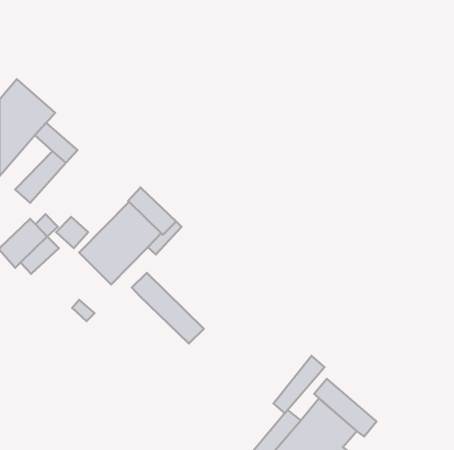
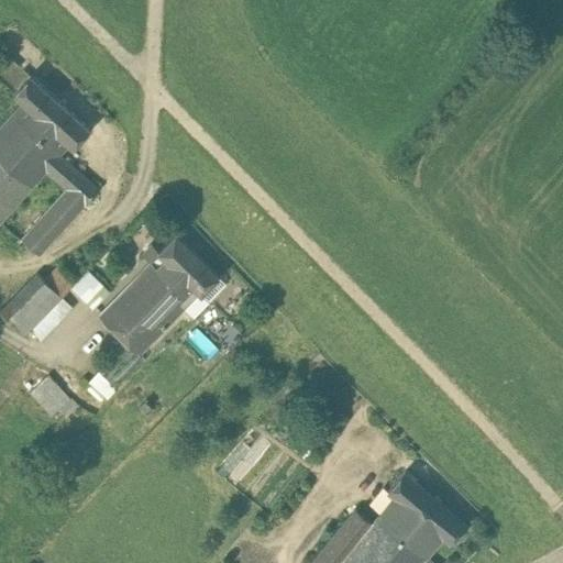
building: none -> [13,78,89,150]
building: [132,273,204,343] -> none
building: none -> [27,376,68,412]
building: [274,356,324,413] -> none

